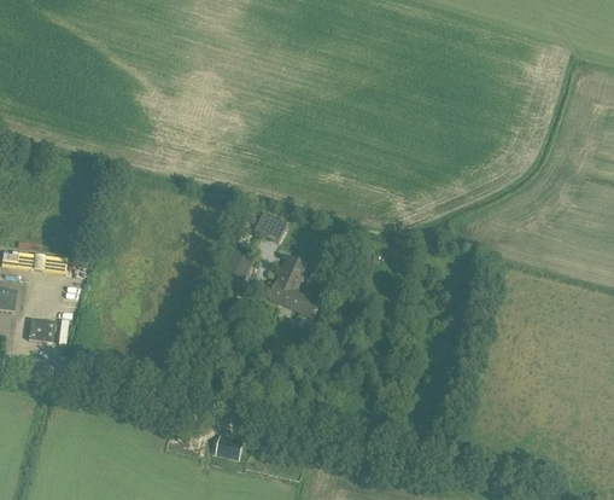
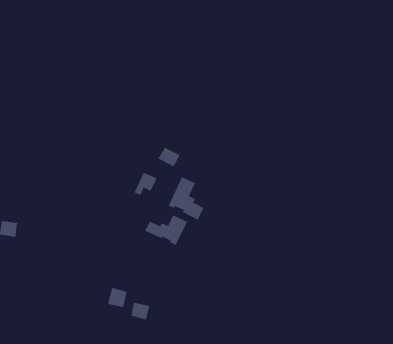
building: none -> [144,215,188,246]
building: none -> [108,287,127,308]

